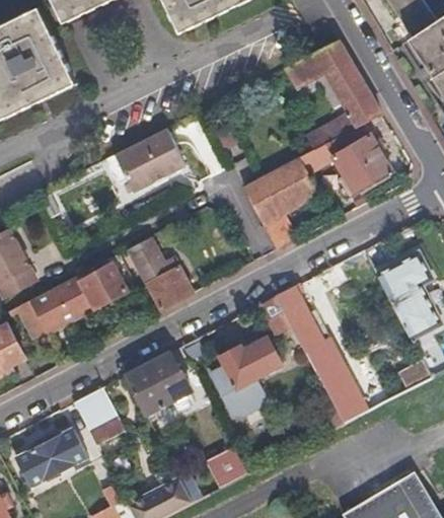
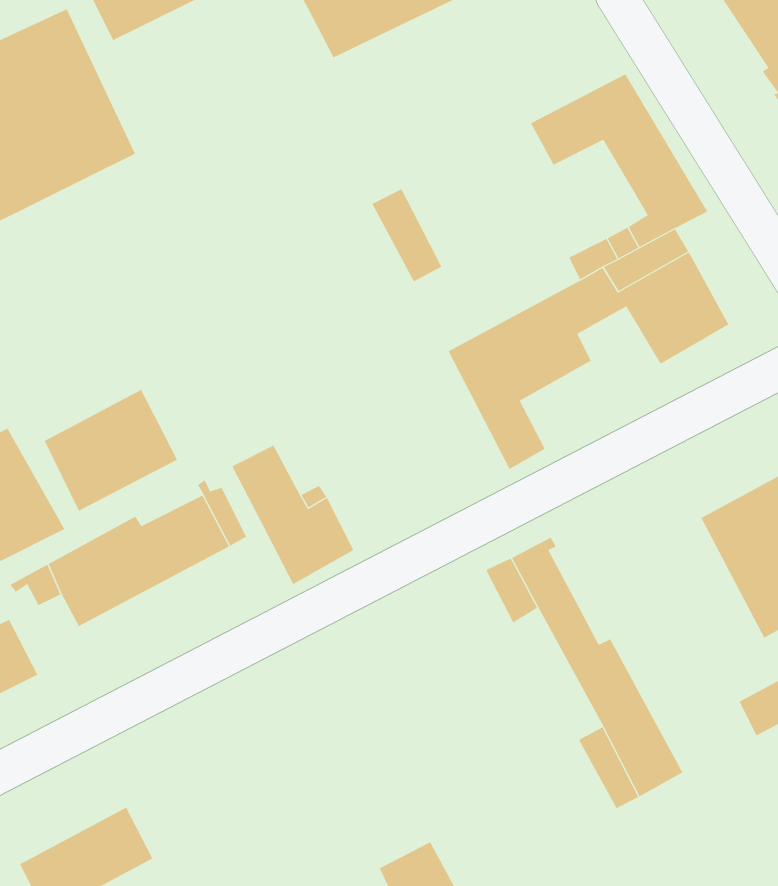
building: [116,127,187,192] -> [44,389,178,512]
building: [210,338,281,416] -> none
building: [125,353,191,414] -> none
building: [74,388,123,445] -> none

